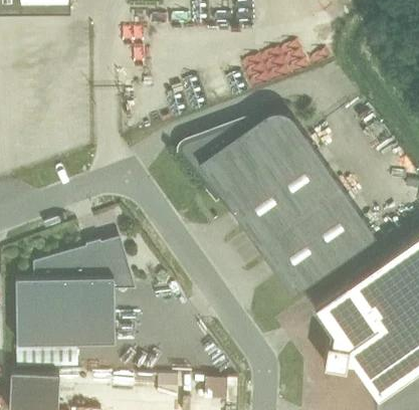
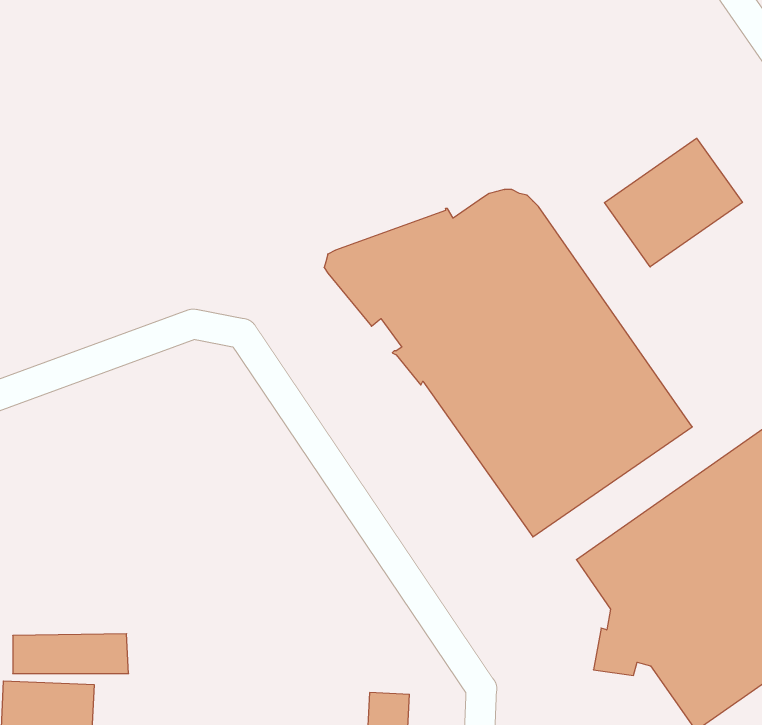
building: none -> [604,138,742,267]
building: [15,242,132,346] -> none

